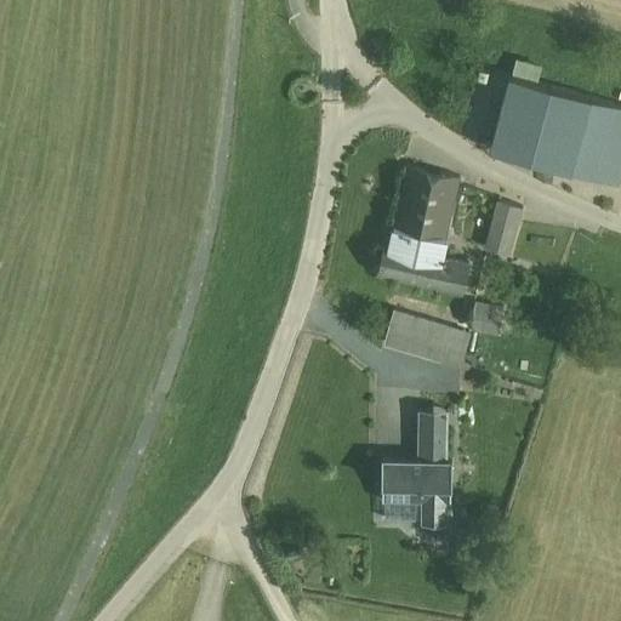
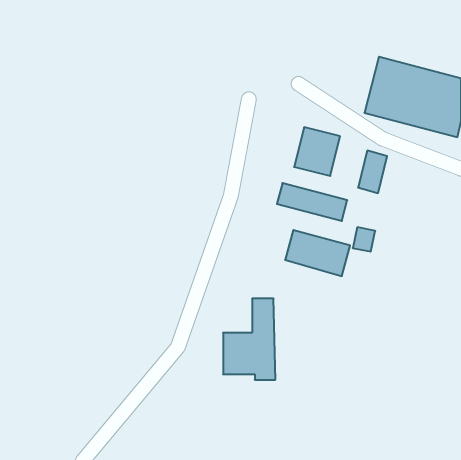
building: [391,226,444,261] -> none
building: [380,416,450,525] -> [223,299,275,380]

